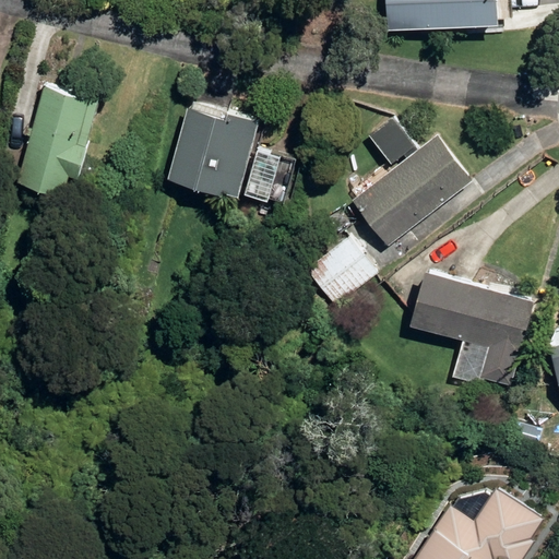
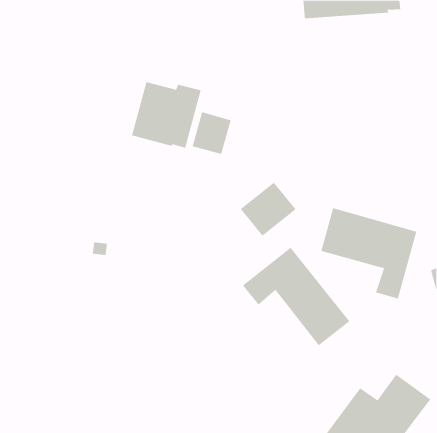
building: [17,88,96,193] -> none
building: [350,135,472,248] -> none
building: none -> [242,247,350,346]

